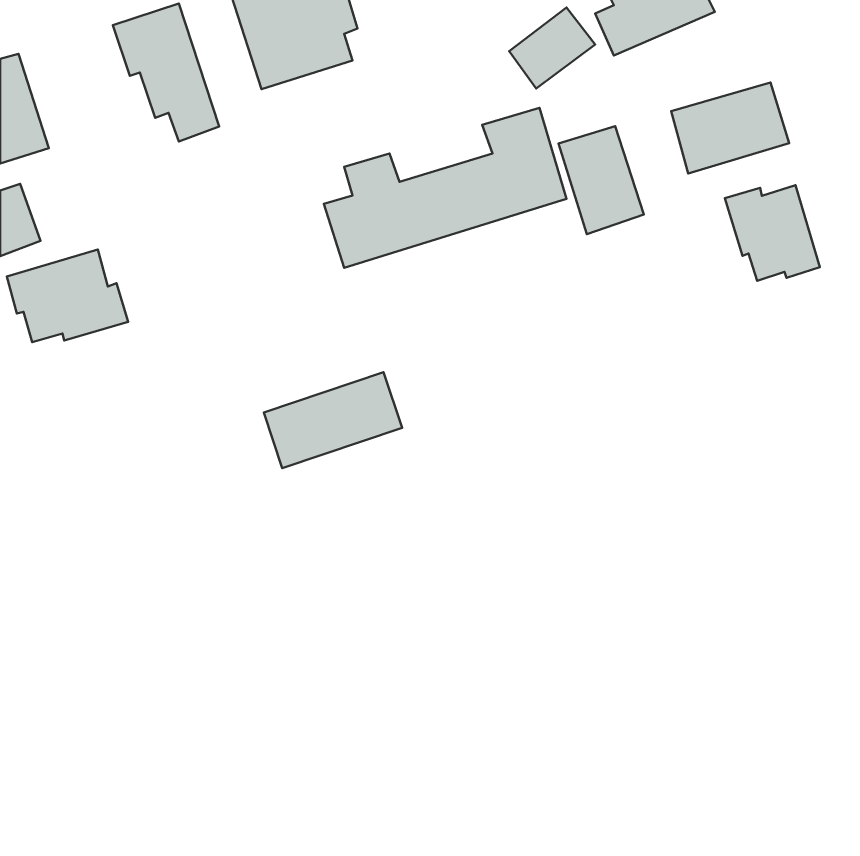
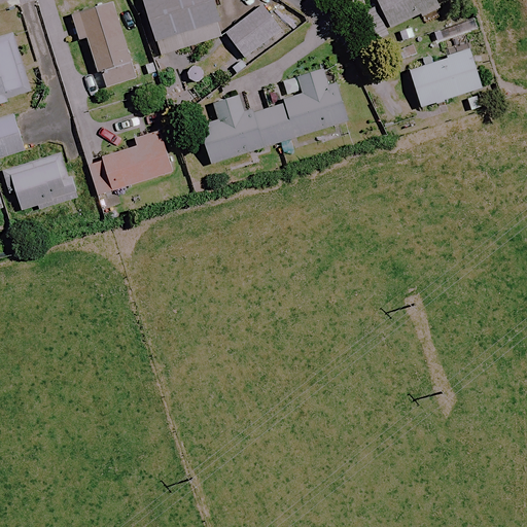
building: [509,8,595,88] -> [227,7,280,57]
building: [559,126,644,234] -> none
building: [725,185,820,281] -> none
building: [264,372,402,468] -> [86,137,171,196]

